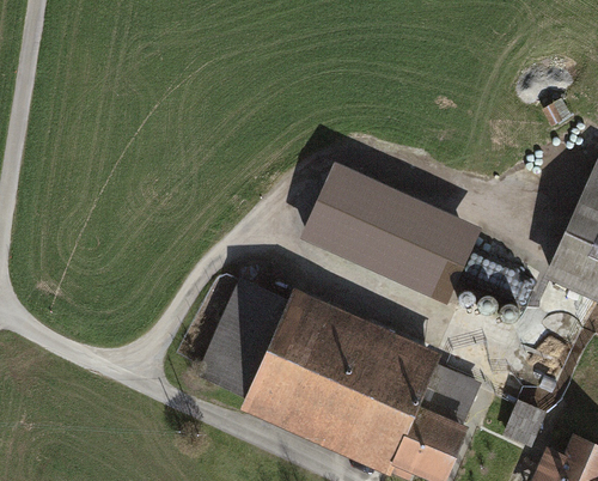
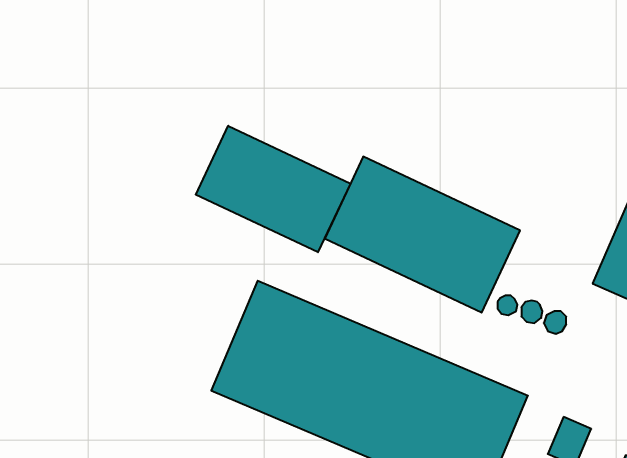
building: none -> [196,126,350,252]

